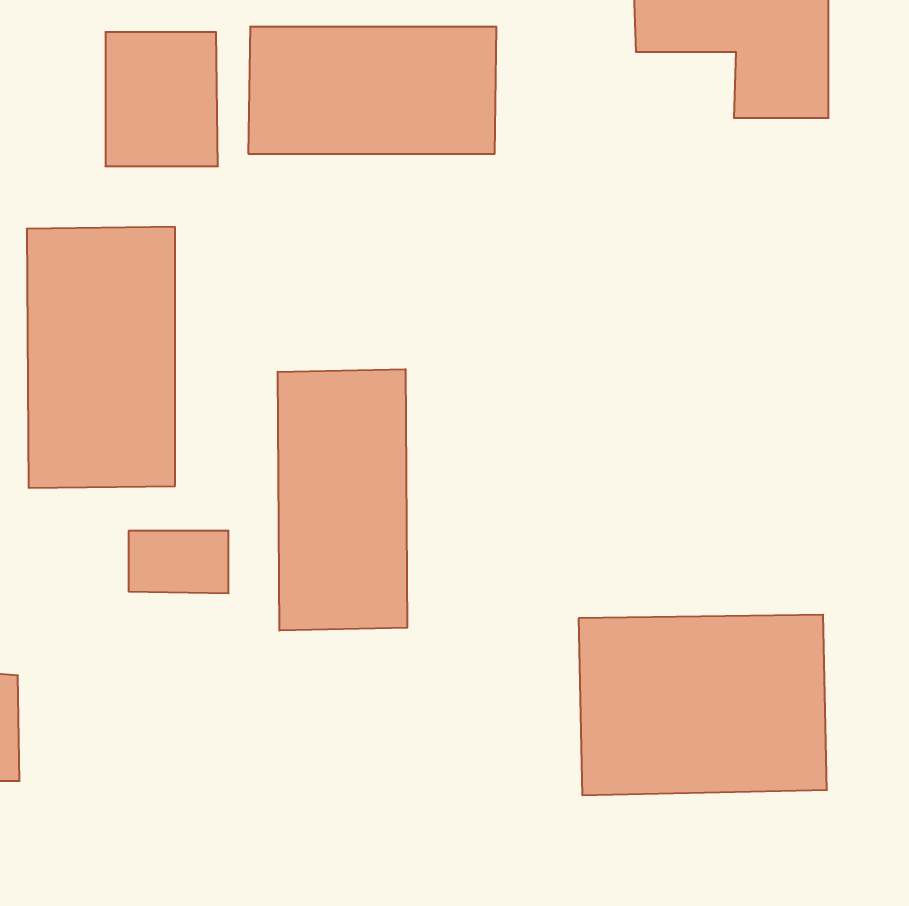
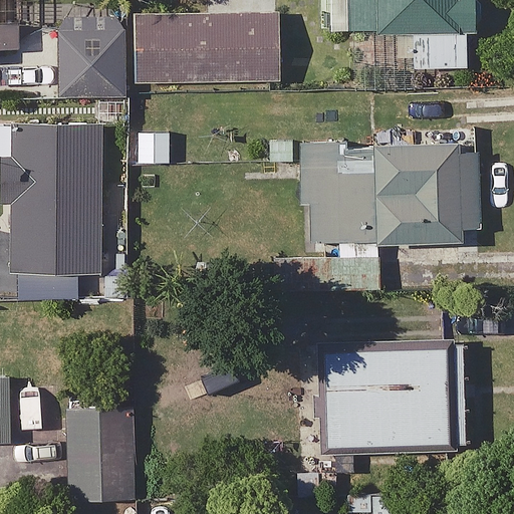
building: none -> [301,147,478,240]
building: [278,369,407,631] -> none
building: none -> [72,410,130,485]

